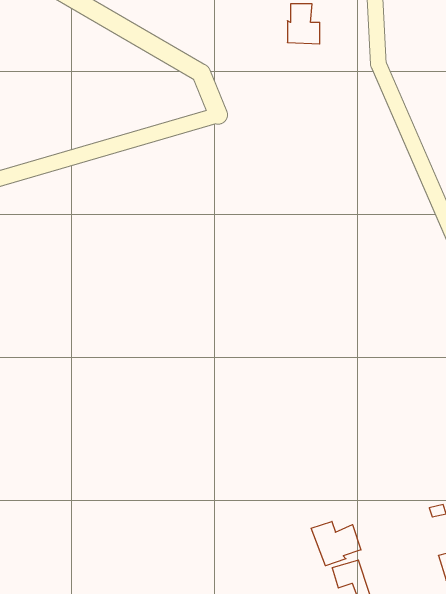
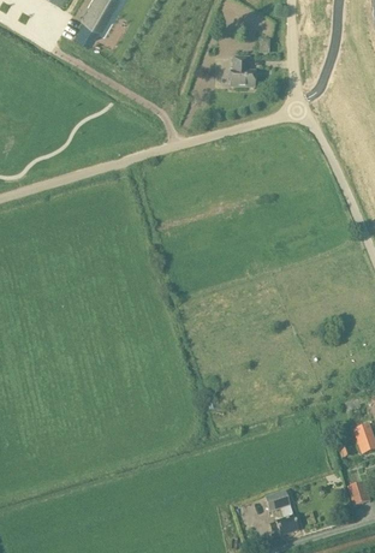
building: [311,521,361,566] -> none

